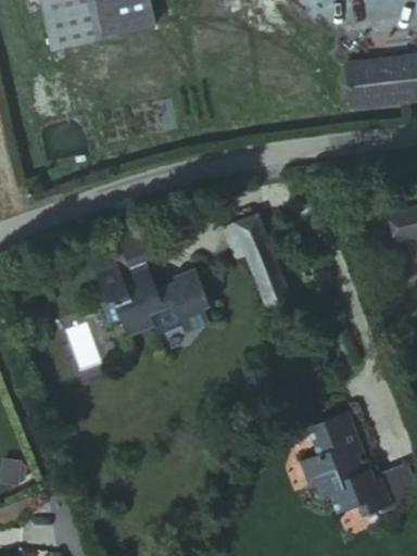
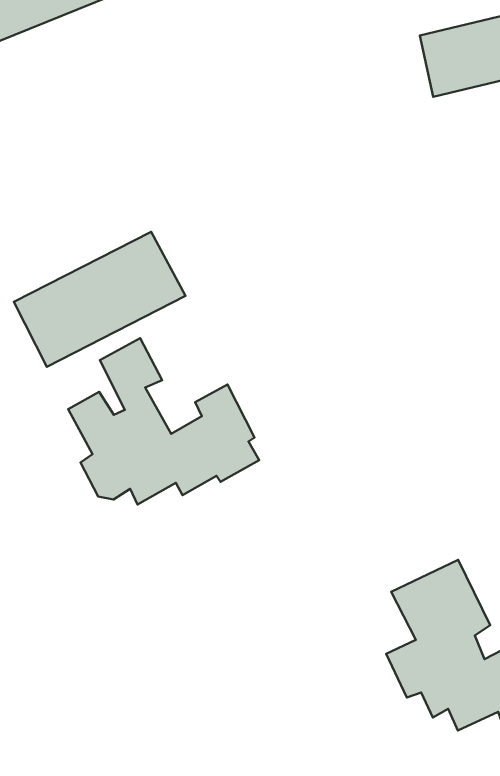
building: none -> [14,232,186,367]
building: [218,208,295,314] -> none

